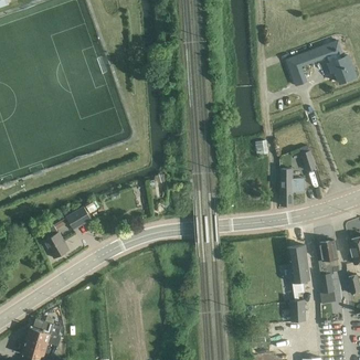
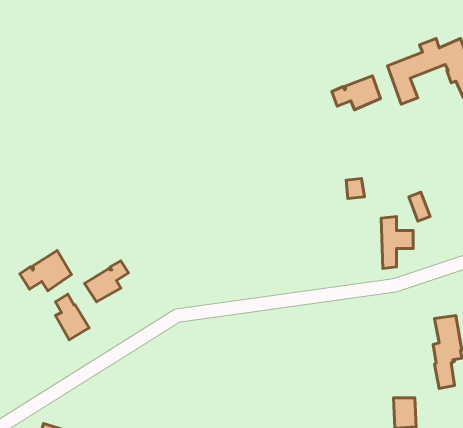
building: none -> [332,76,380,110]
building: none -> [20,250,71,291]
building: [287,245,309,283] -> none

